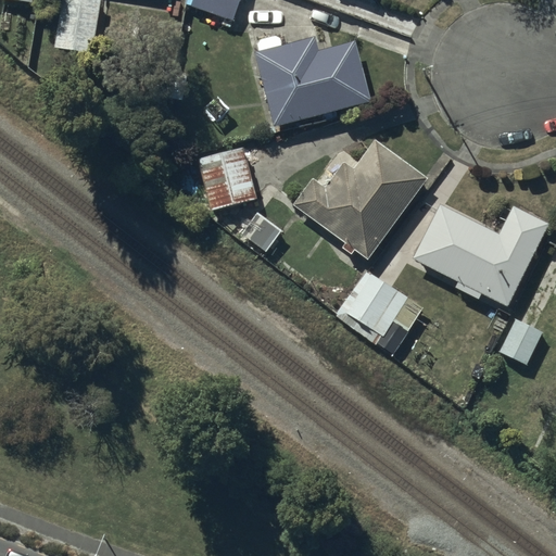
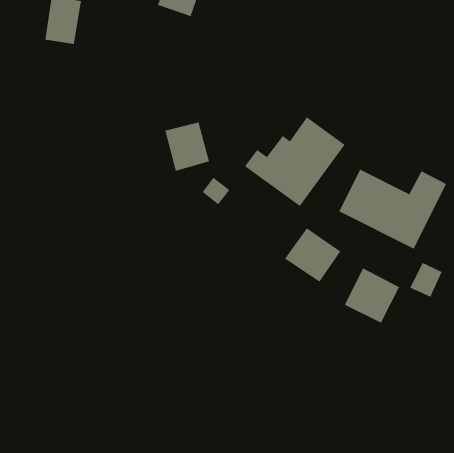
building: [262,40,369,119] -> none
building: none -> [344,268,400,323]

